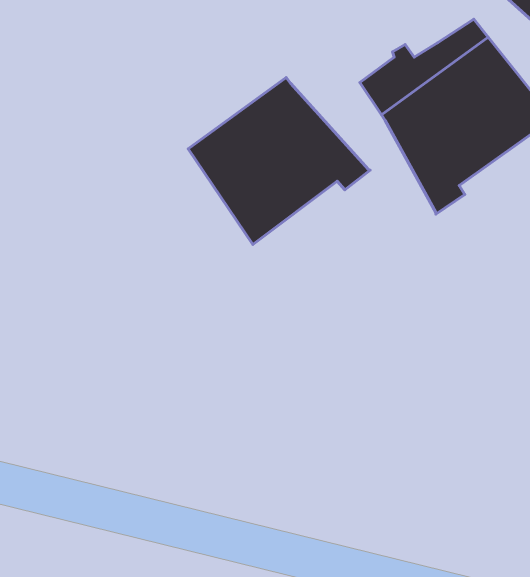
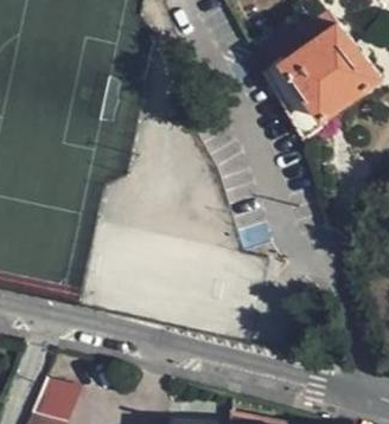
building: [188,78,370,245] -> none

